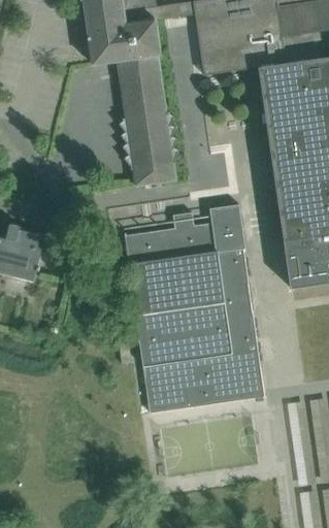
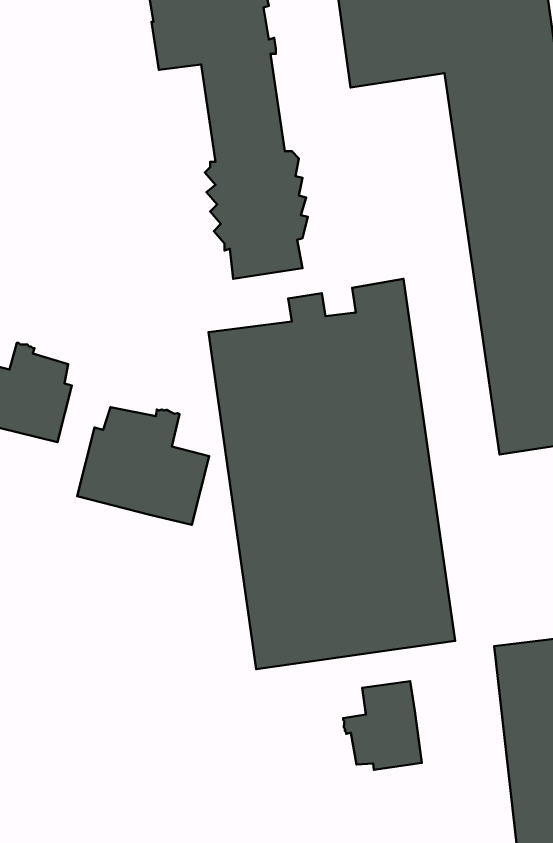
building: none -> [77,407,209,525]
building: none -> [343,681,422,770]

